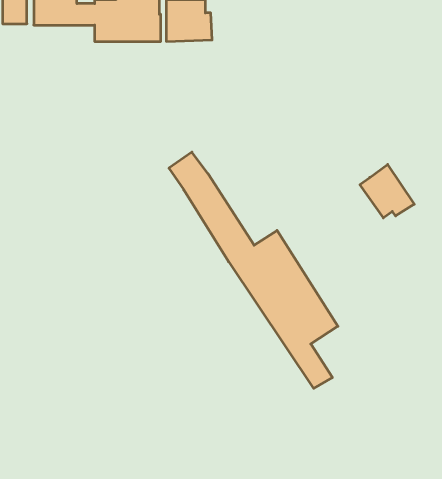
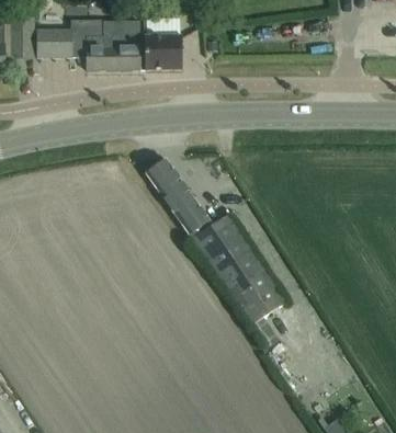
building: [360,164,414,218] -> none

